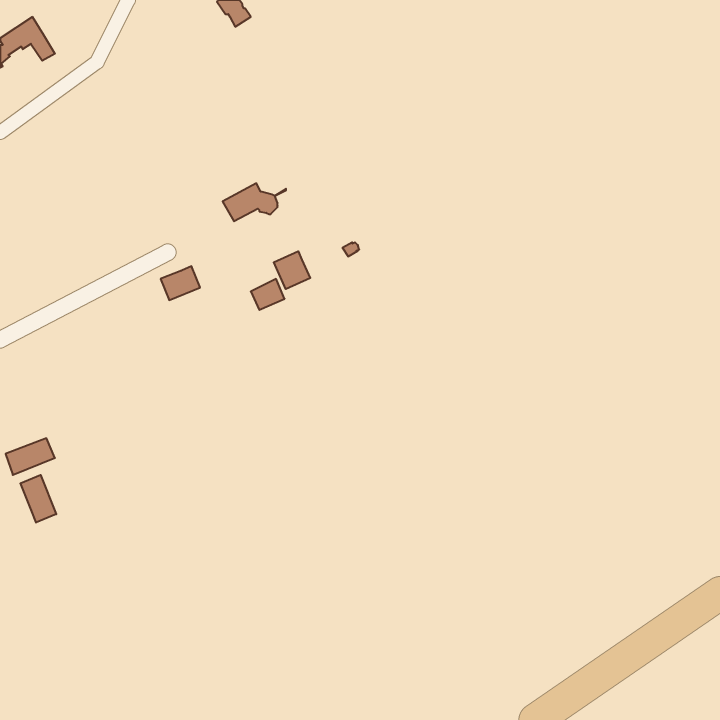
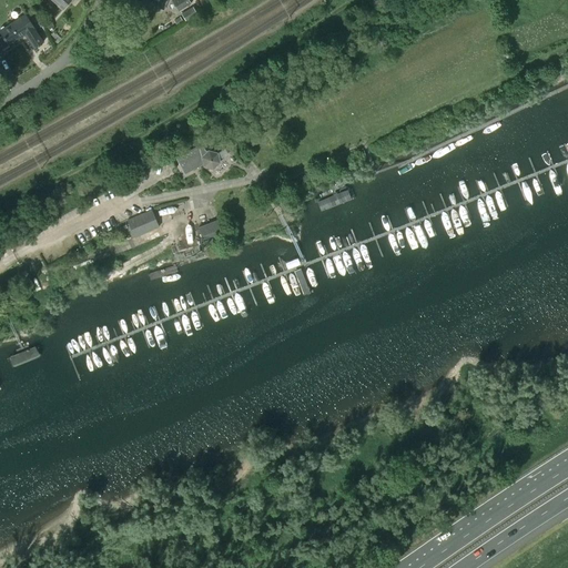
building: [274,251,310,289] -> none
building: [20,475,56,523] -> none

